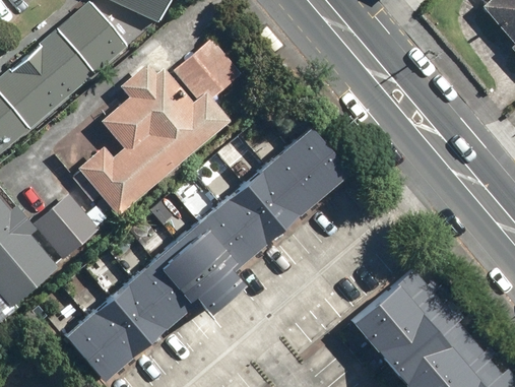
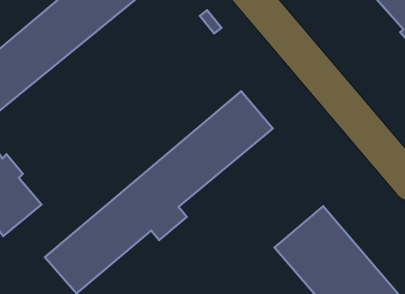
building: [78,38,243,214] -> none
building: [34,184,110,259] -> none

